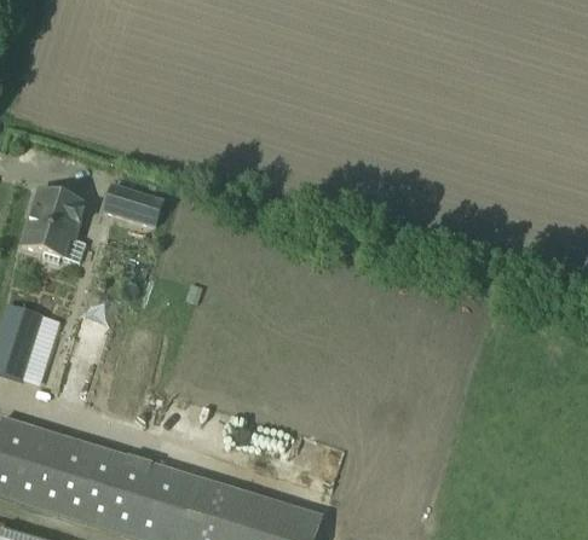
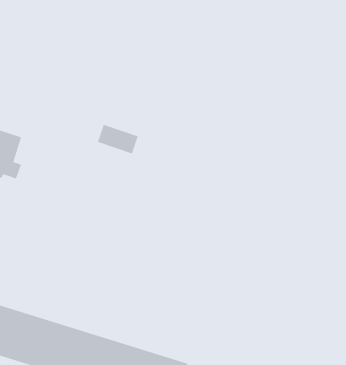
building: [104,184,162,226] -> [97,124,138,154]

